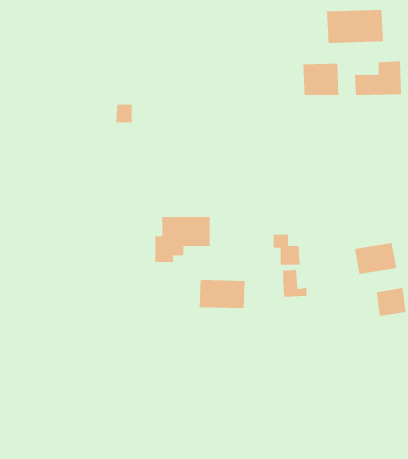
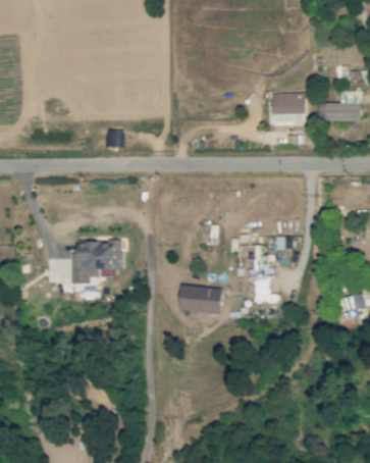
building: [326,9,384,44] -> none
building: [155,216,210,263] -> [72,242,122,284]
building: [354,242,397,275] -> none

